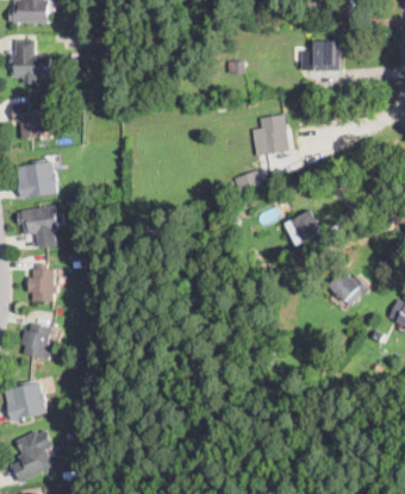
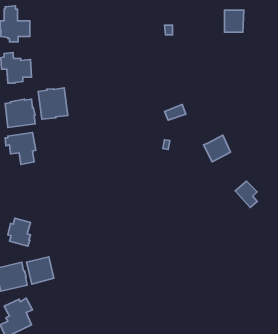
building: [258,114,286,154] -> none
building: none -> [38,88,68,119]
building: [27,263,57,301] -> none
building: none -> [27,257,54,284]

